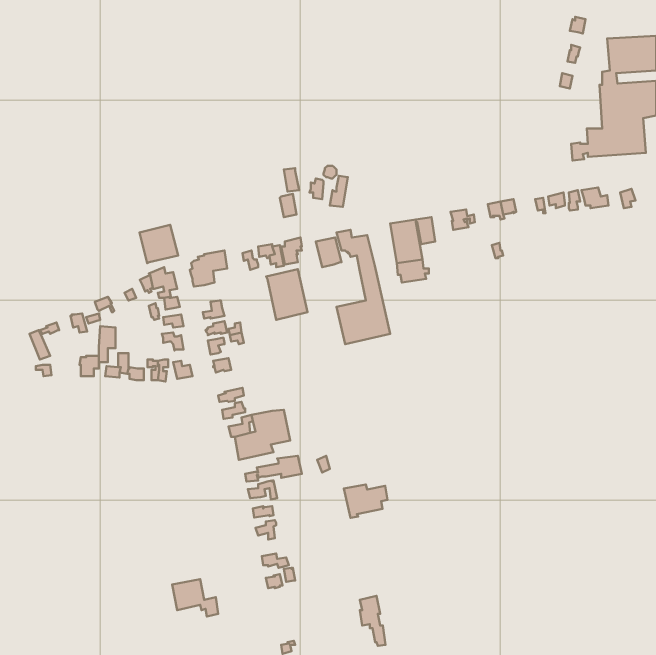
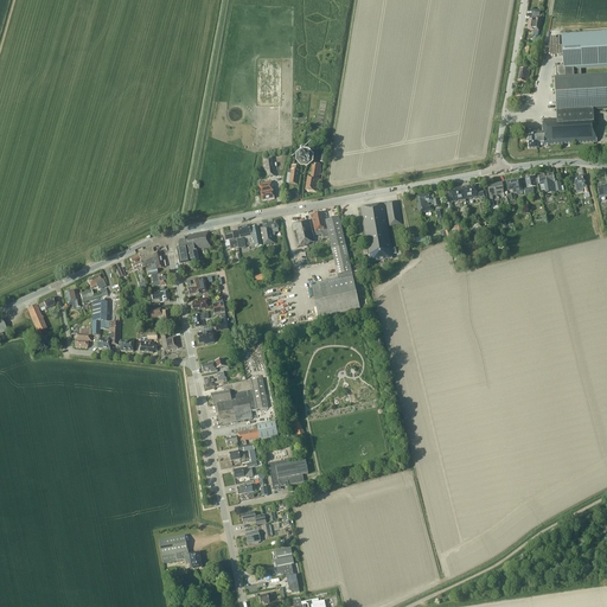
building: [139,225,178,263] -> none
building: [266,269,308,320] -> none
building: [344,484,388,518] -> [268,459,308,490]
building: [360,596,385,646] -> [275,547,299,593]

